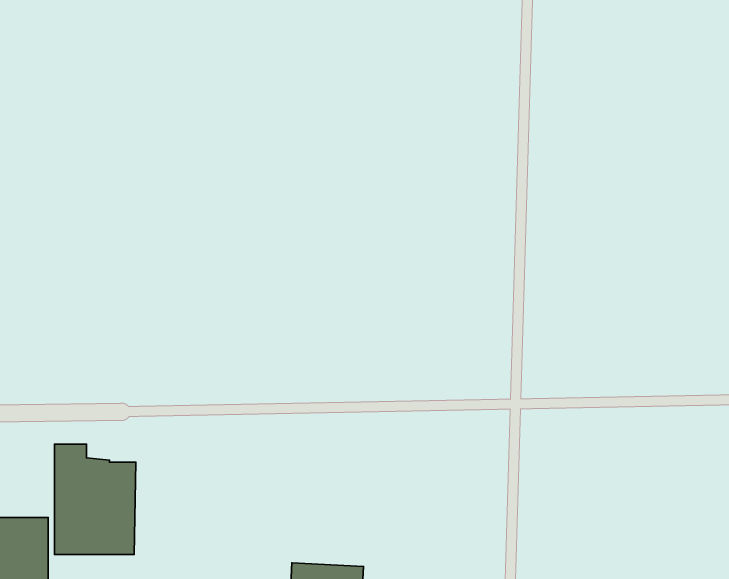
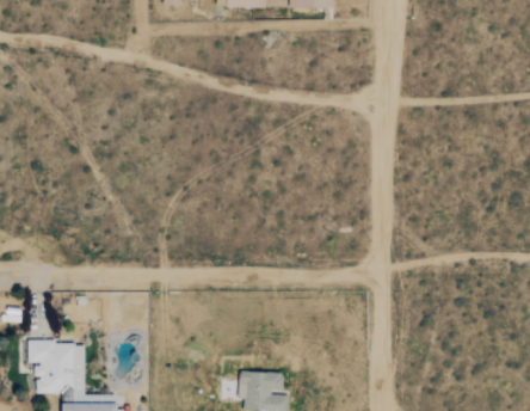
building: [54,444,136,555] -> none

